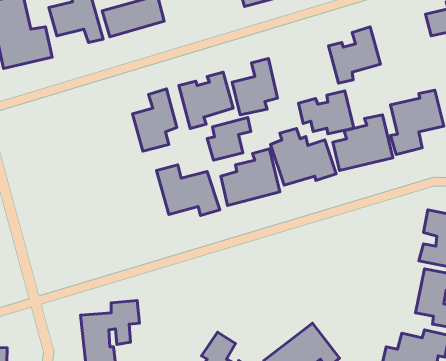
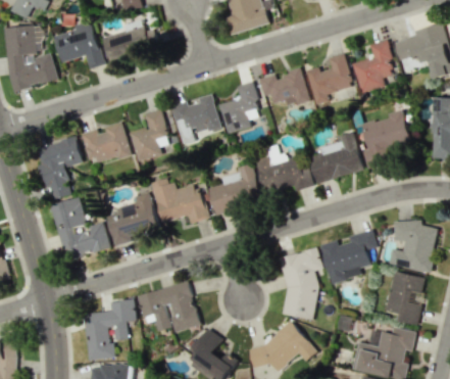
building: none -> [351,40,392,93]
building: [299,91,354,134] -> [259,67,309,106]
building: none -> [82,125,131,164]
building: [207,118,251,160] -> none
building: none -> [36,138,83,200]
building: none -> [107,192,159,246]
building: none -> [51,198,110,259]
building: none -> [320,230,378,284]
building: none -> [279,248,321,320]
building: none -> [138,282,199,332]

